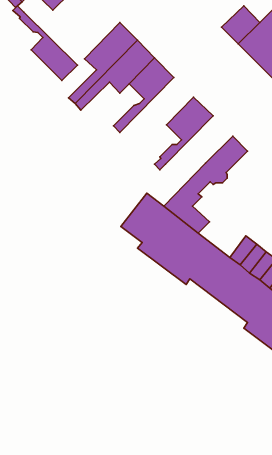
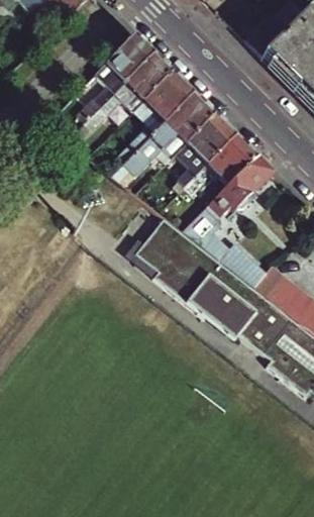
building: [13,6,78,80] -> none
building: none -> [112,92,216,183]
building: none -> [186,133,258,191]

